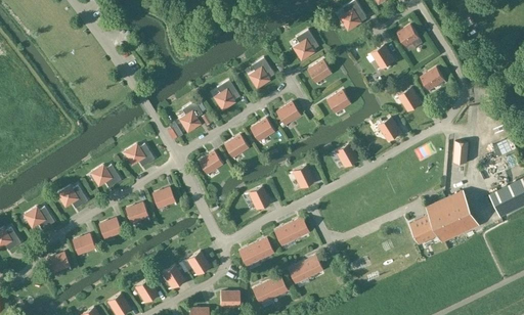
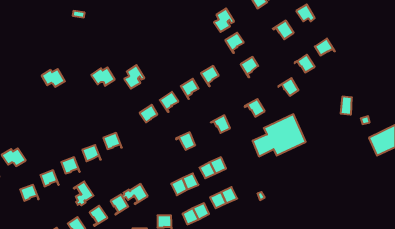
building: [249,57,273,88] -> none
building: [214,80,239,109] -> none
building: [124,143,154,167] -> [91,67,115,86]
building: [91,165,121,187] -> [42,69,65,87]
building: [57,185,87,209] -> none
building: [411,190,479,243] -> [252,114,306,156]
building: none -> [74,181,94,205]

